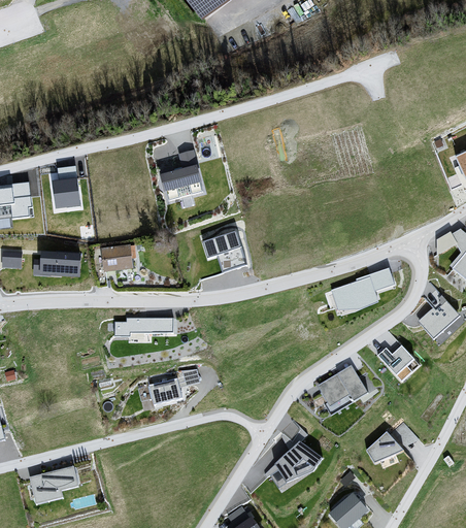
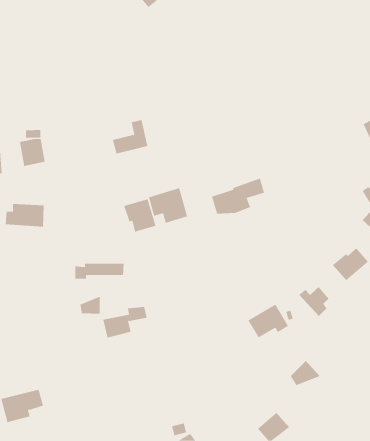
building: none -> [124,199,156,232]
building: [103,249,134,275] -> none
building: [331,268,394,310] -> [211,178,265,214]
building: none -> [80,296,100,314]
building: [275,441,322,483] -> none

